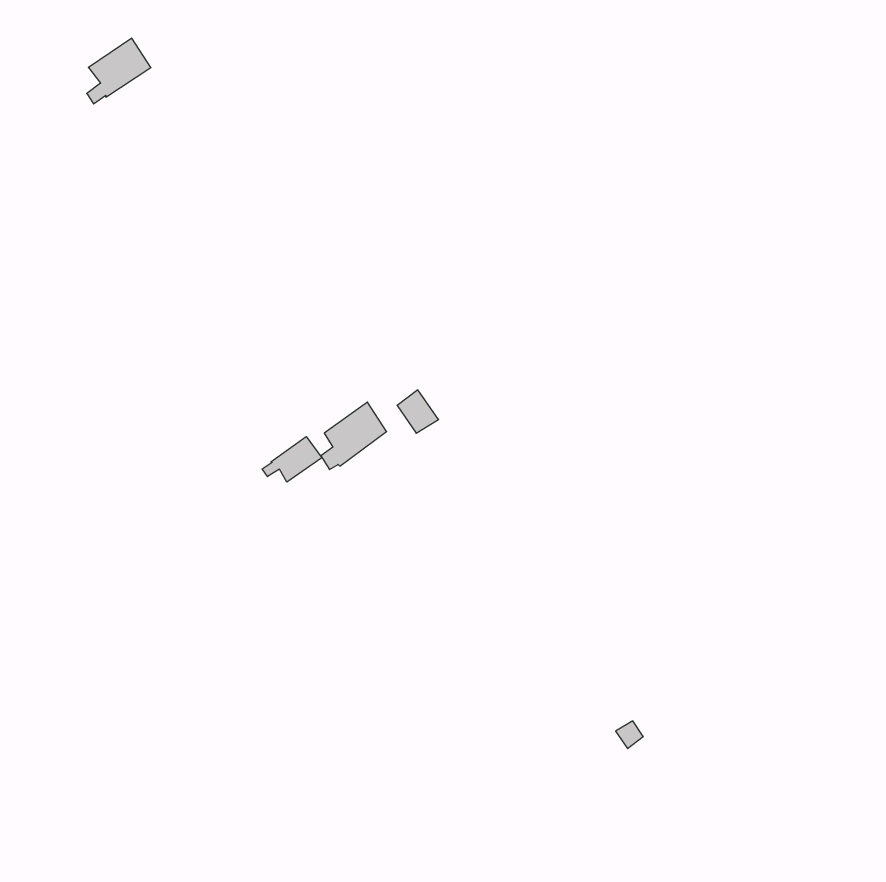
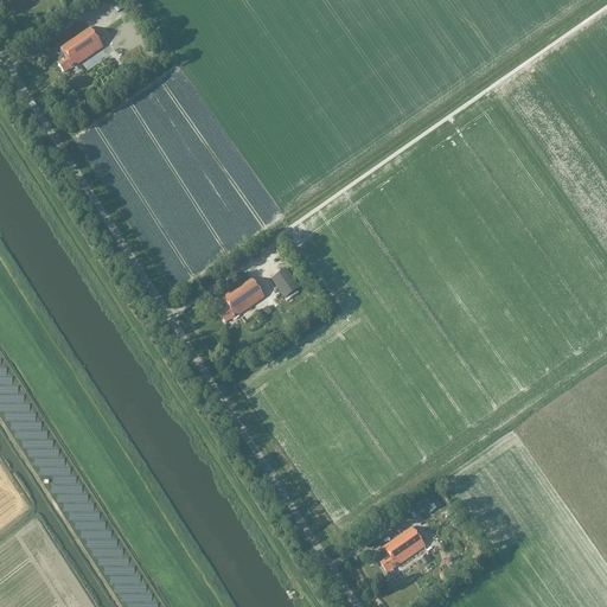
building: [262,437,322,482] -> none
building: none -> [379,525,426,570]

